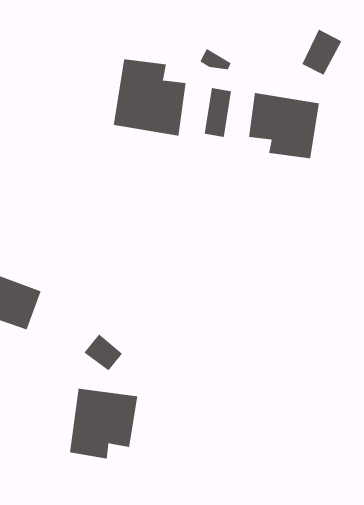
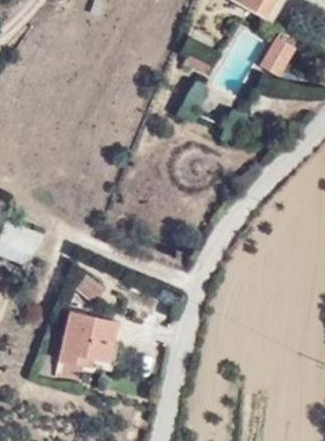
building: [113,59,186,136] -> none
building: [249,92,319,159] -> none

